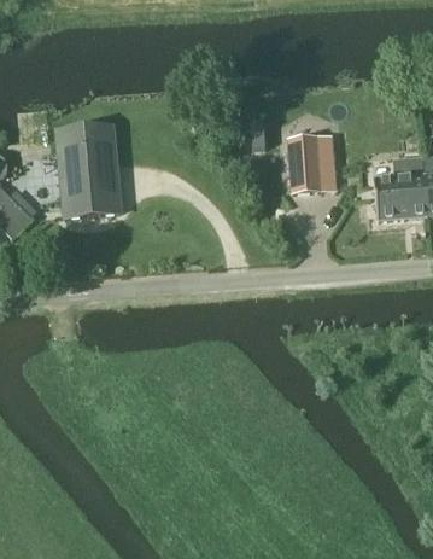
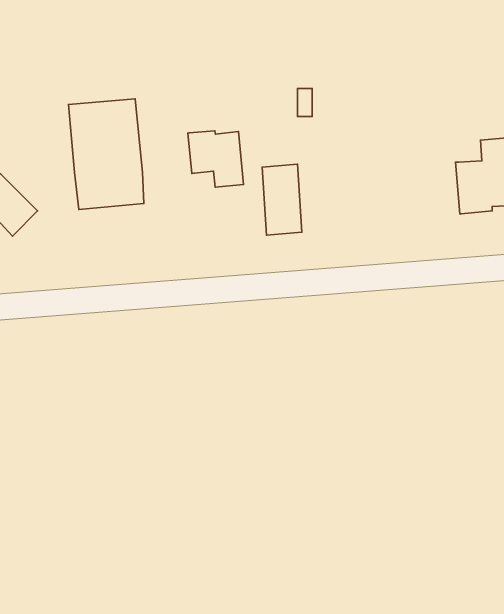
building: [289,135,322,193] -> [262,164,302,235]
building: none -> [188,131,243,187]

